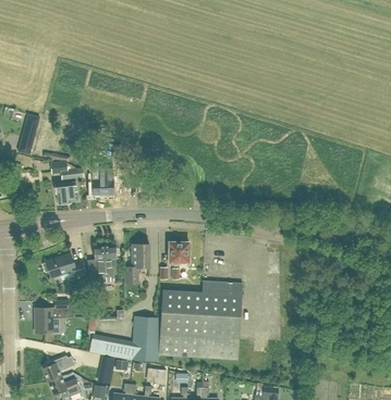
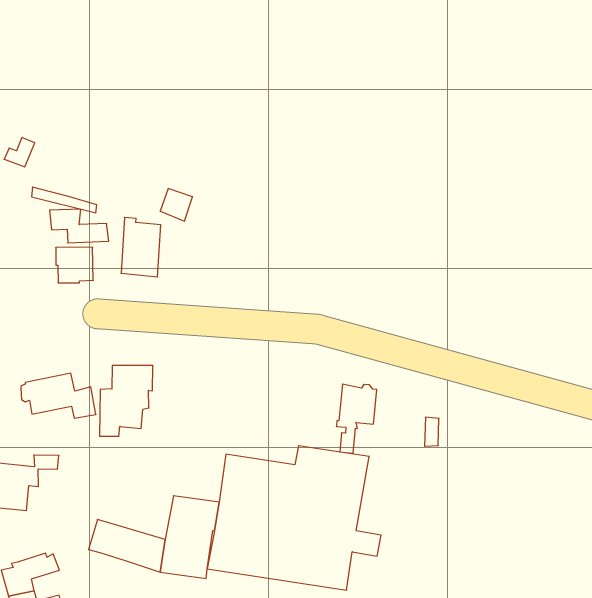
building: [168,240,188,279] -> [336,384,377,453]
building: [125,243,149,284] -> none

